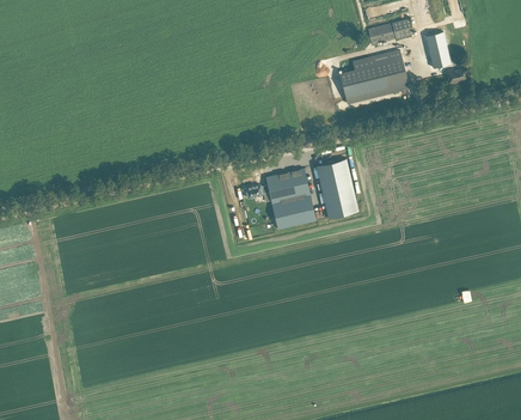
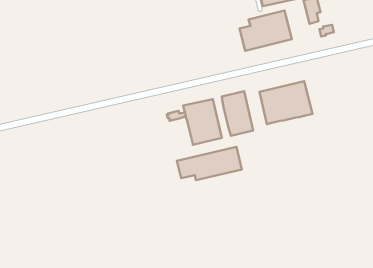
building: none -> [260,81,313,124]
building: none -> [177,147,242,180]

